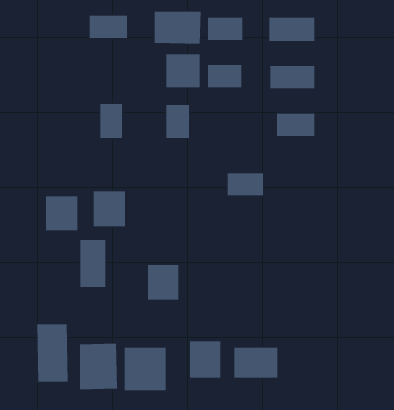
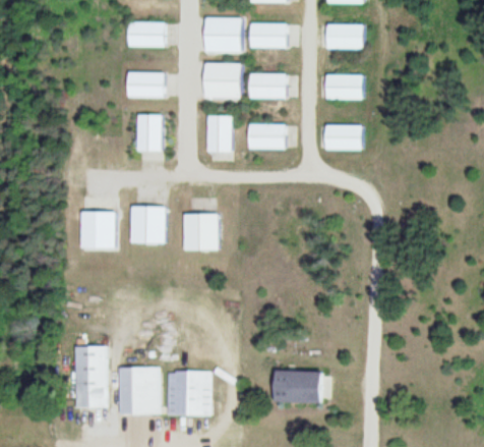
building: none -> [129,73,166,98]
building: [227,173,264,196] -> [249,124,288,149]
building: [80,239,106,288] -> none
building: [147,264,179,300] -> [185,214,219,252]
building: [190,340,221,378] -> none

